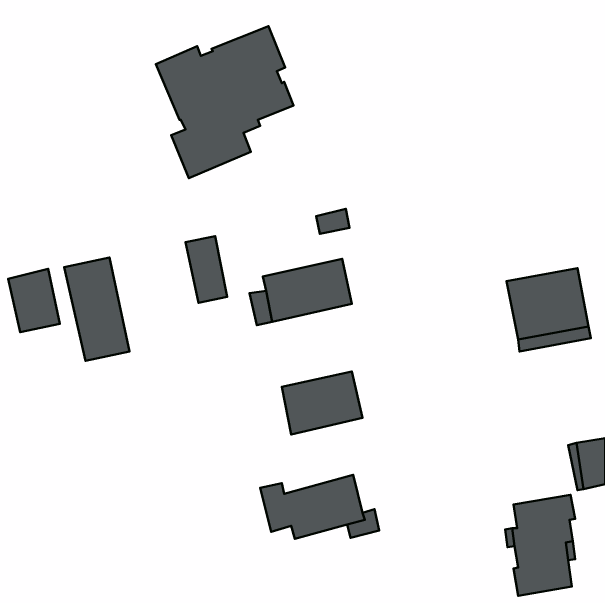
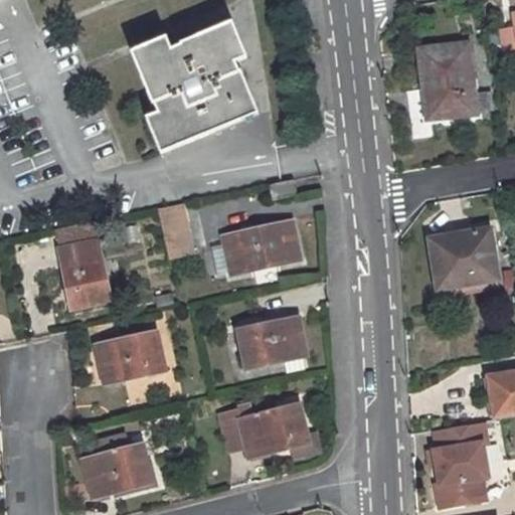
building: none -> [418,42,475,118]
building: none -> [206,90,256,129]
building: [8,269,60,332] -> none
building: none -> [95,331,164,383]
building: none -> [82,435,152,497]

